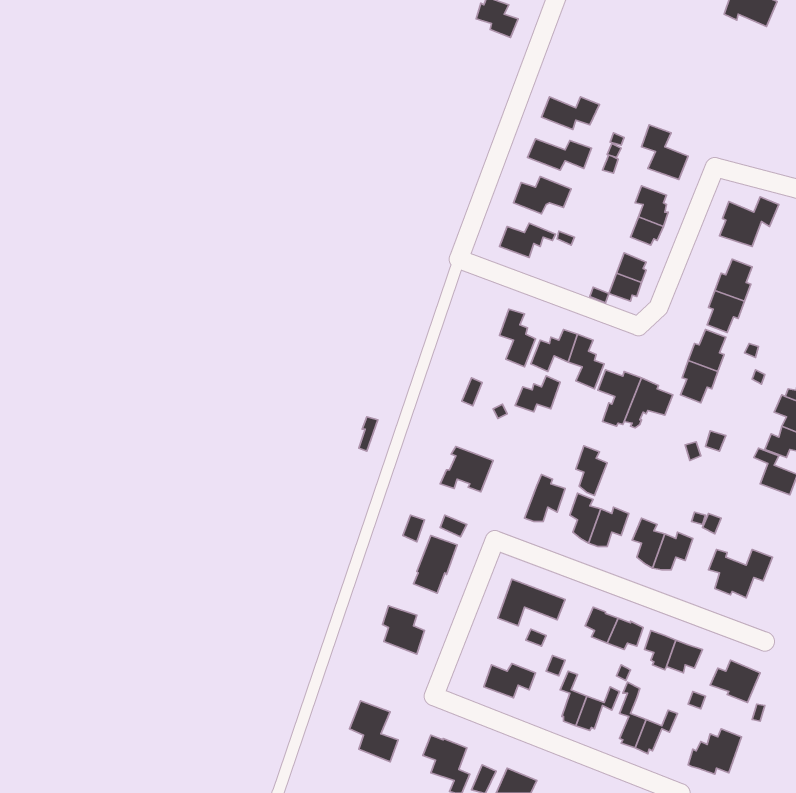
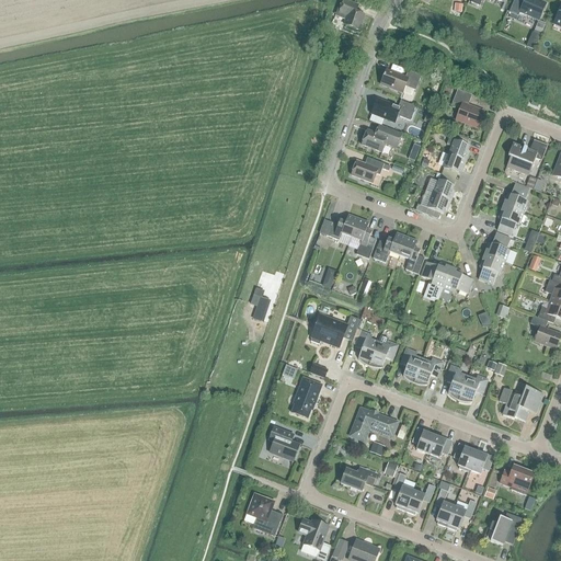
building: [515,376,560,412] -> [327,213,358,238]
building: [576,446,607,496] -> [356,329,378,364]

